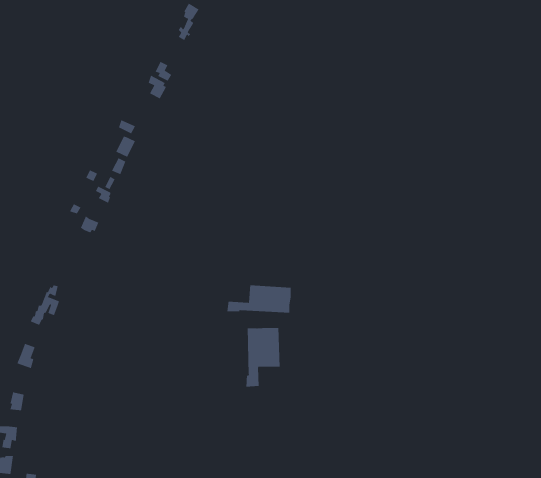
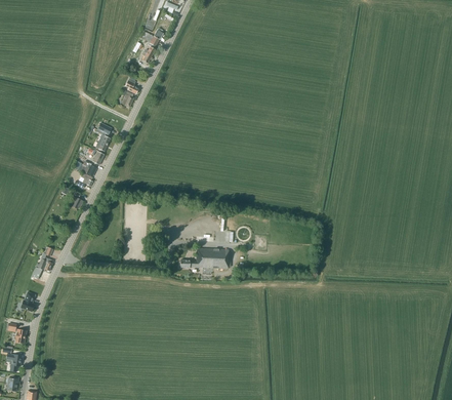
building: [246,327,280,387] -> none

